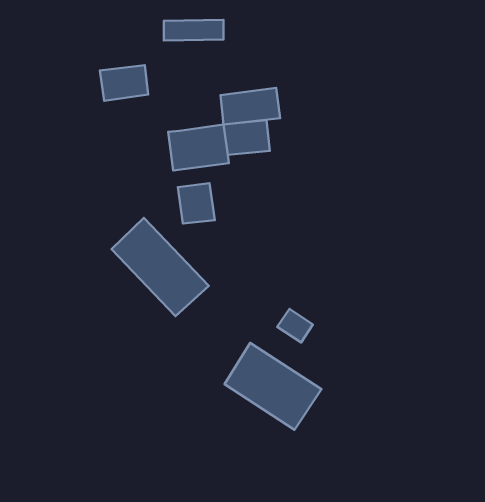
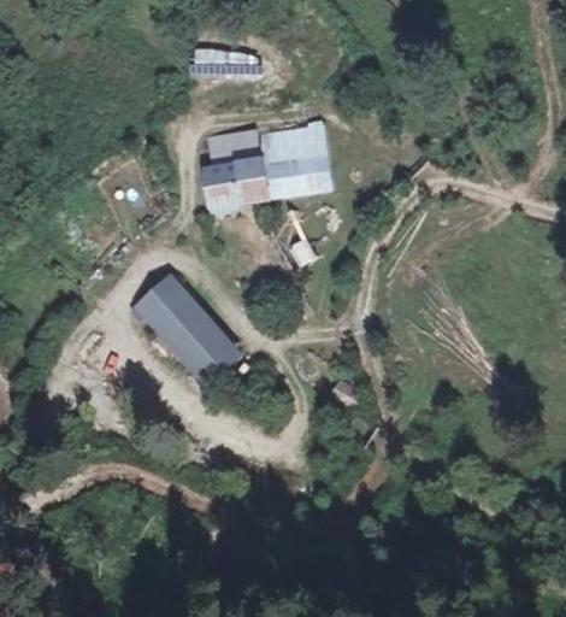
building: [100,65,148,101] -> [206,131,261,172]
building: [178,183,215,223] -> none
building: [224,343,321,430] -> none

